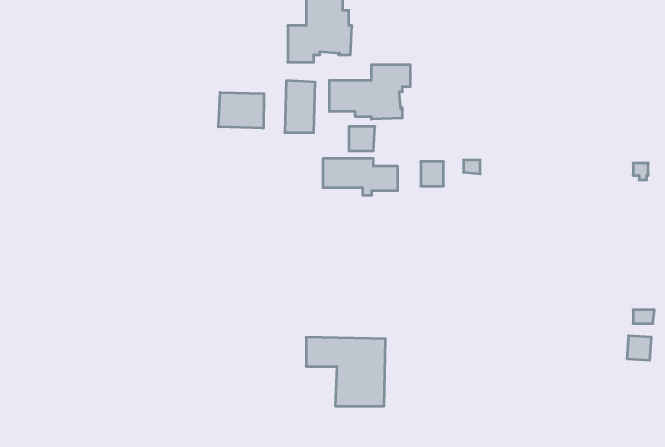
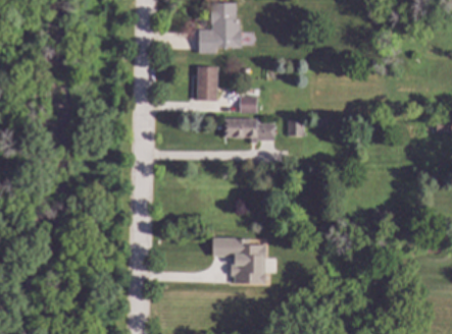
building: [329,65,410,119] -> none
building: [218,92,264,128] -> none

